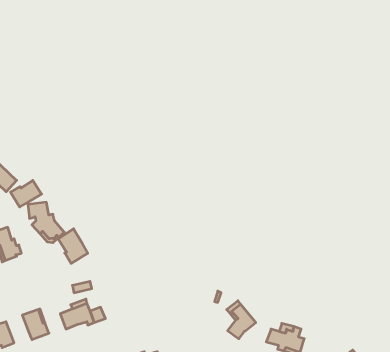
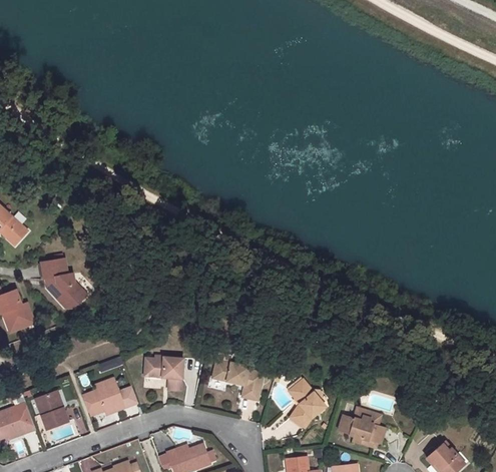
building: [11,180,42,207] -> none
building: [58,229,88,263] -> none
building: none -> [144,357,183,390]
building: none -> [212,360,265,400]

